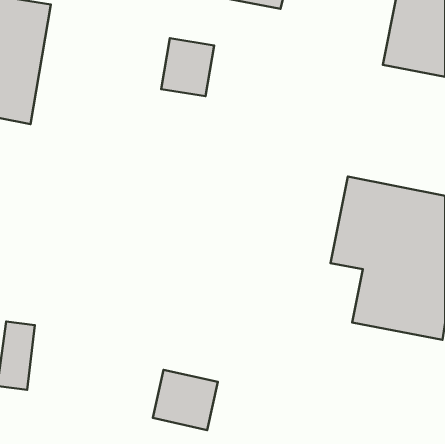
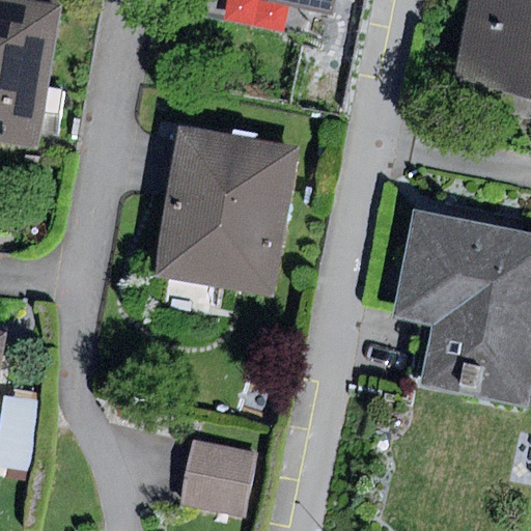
building: [161,38,214,96] -> none
building: none -> [156,130,299,295]

